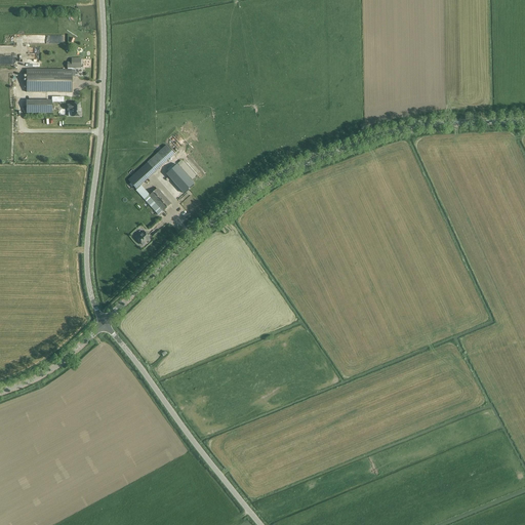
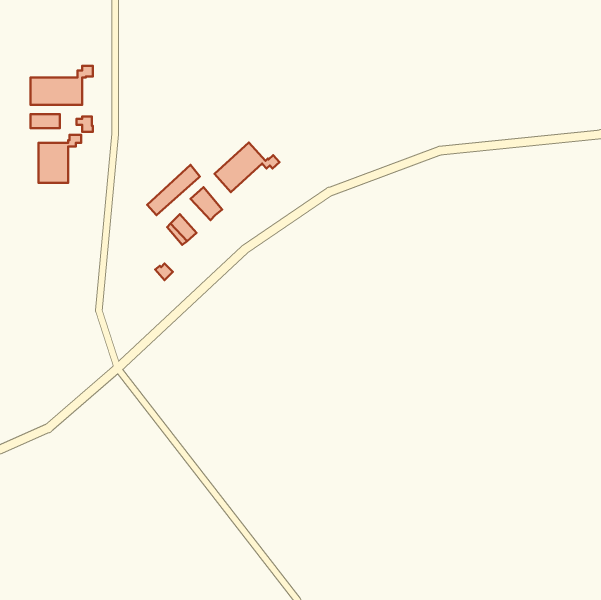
building: none -> [38,135,81,183]
building: none -> [214,143,280,192]

